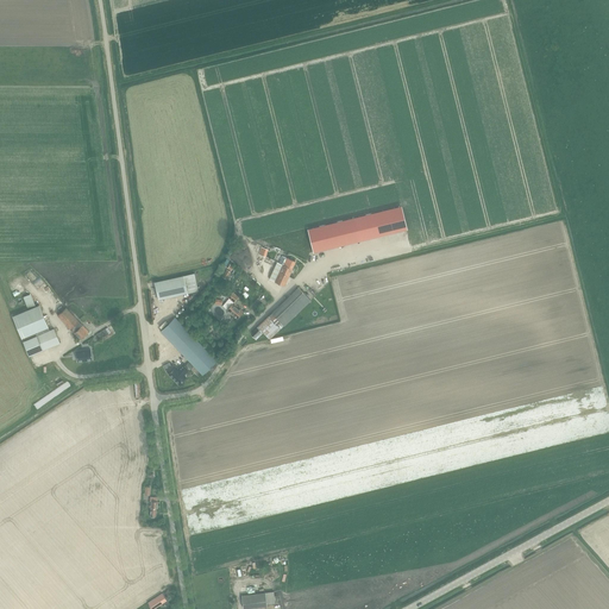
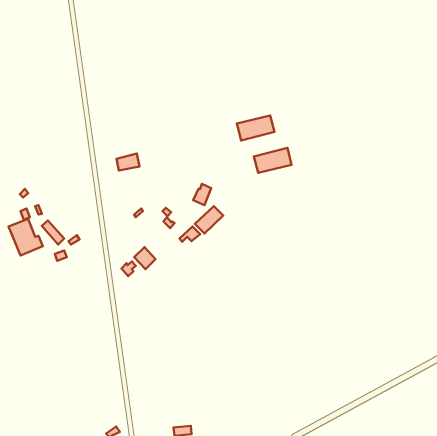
building: [307,219,359,253] -> [237,116,274,140]
building: [153,277,186,301] -> [116,154,140,171]
building: [161,318,201,359] -> none

